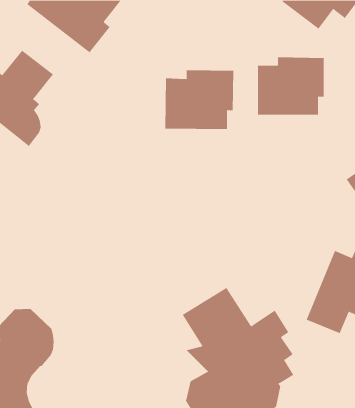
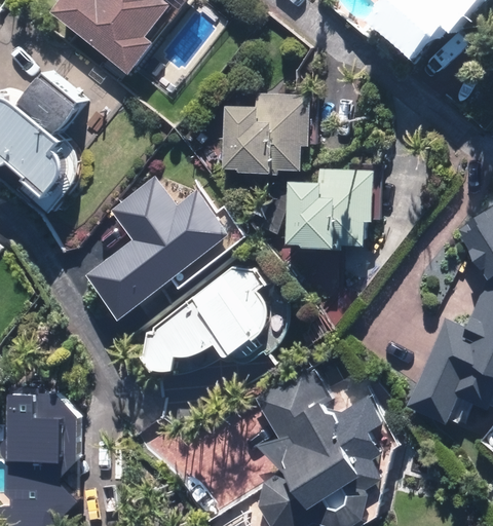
building: [257,57,325,115] -> [290,171,374,243]
building: none -> [85,179,229,321]
building: none -> [140,268,268,371]

